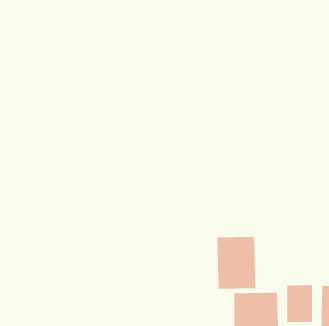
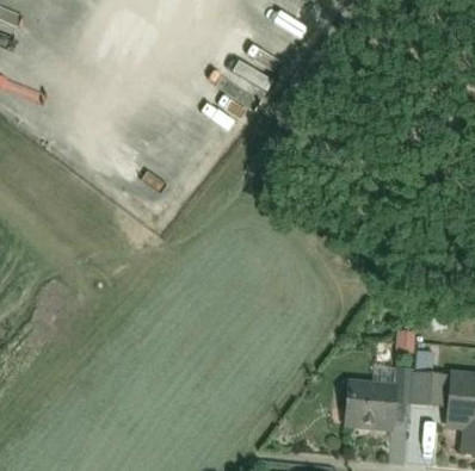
building: [217,236,256,289] -> none

